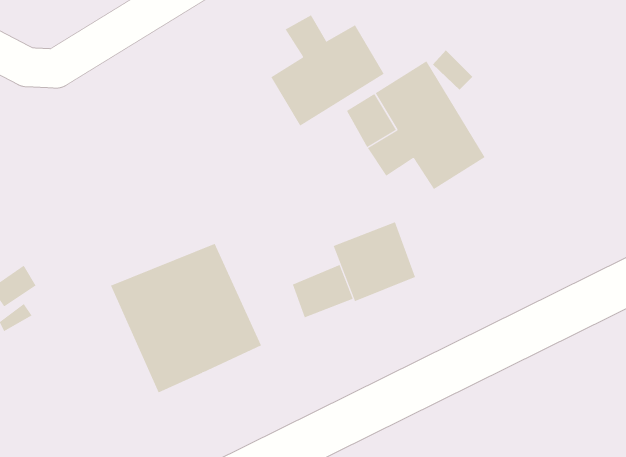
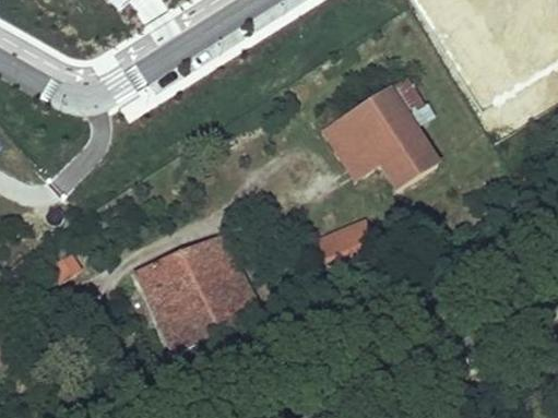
building: [271,14,384,127] -> none
building: [292,264,353,318] -> none

